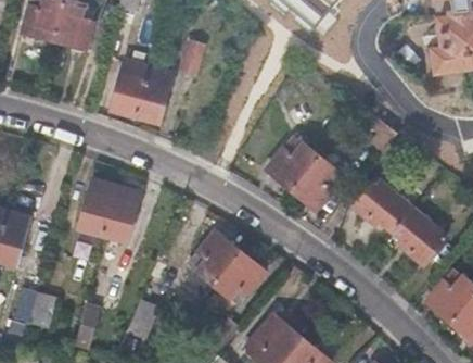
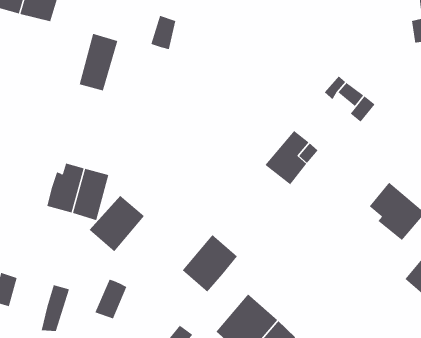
building: [133,67,171,124] -> none
building: [273,134,318,188] -> none
building: [353,176,410,228] -> none
building: [184,235,239,290] -> [89,195,145,252]

